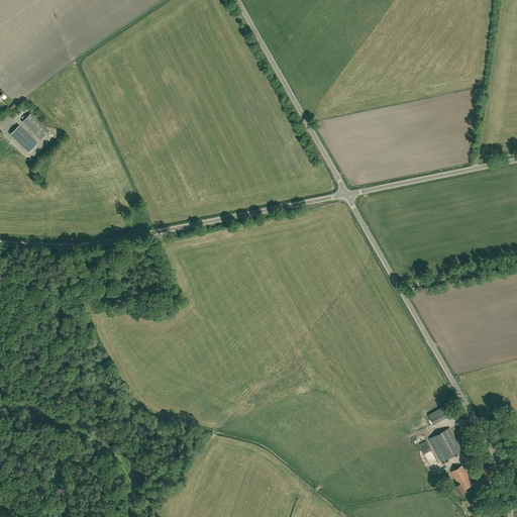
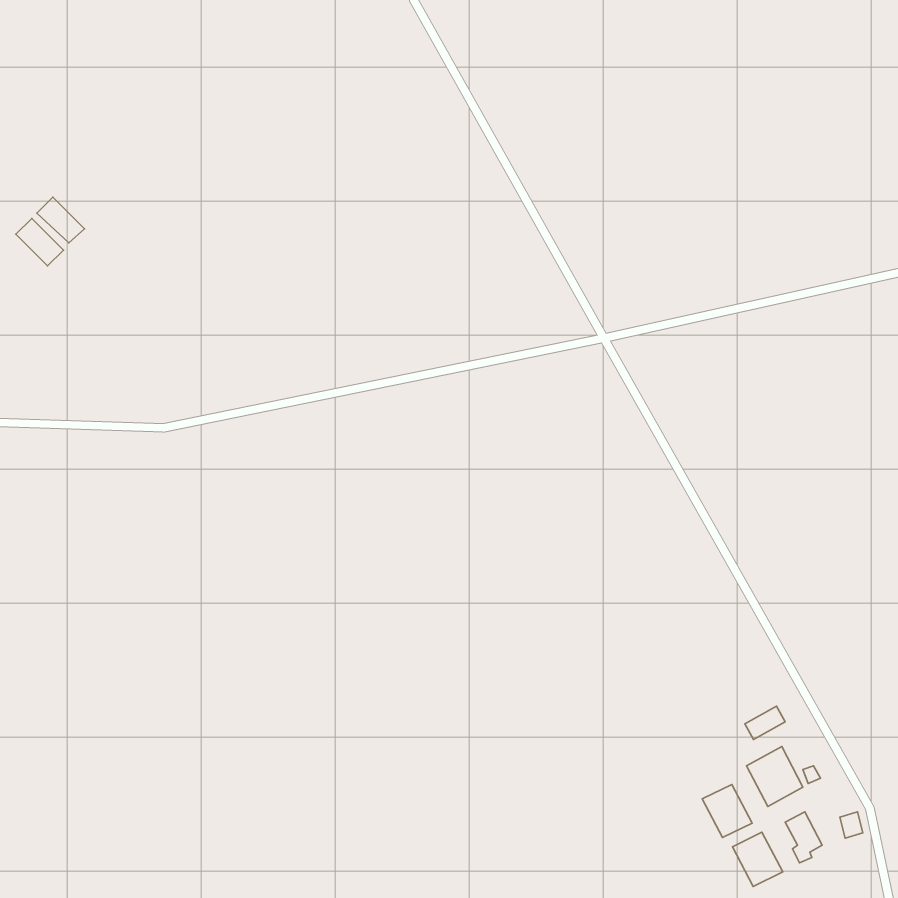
building: none -> [702,784,752,838]
building: none -> [732,832,783,886]

